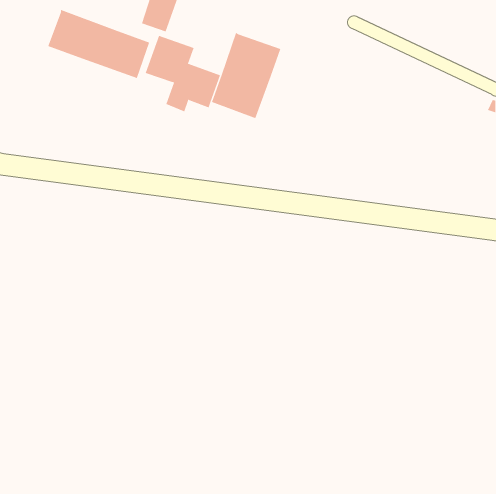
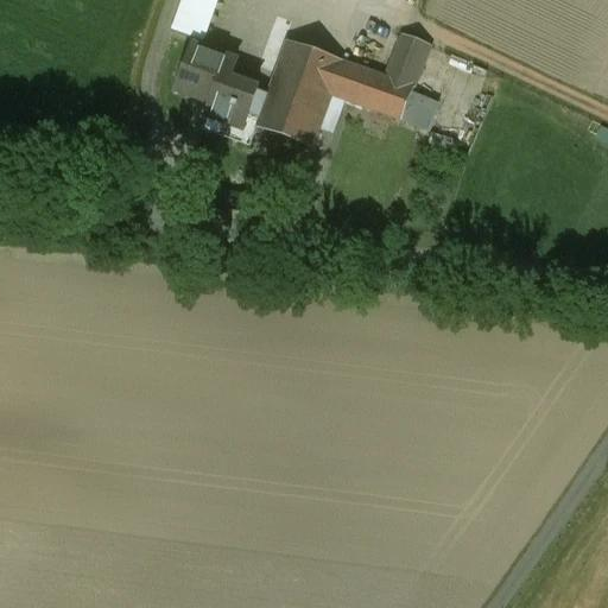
building: [47,9,150,79] -> none
building: none -> [331,32,437,126]

